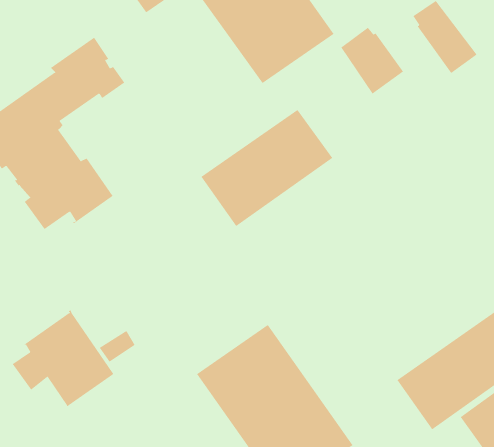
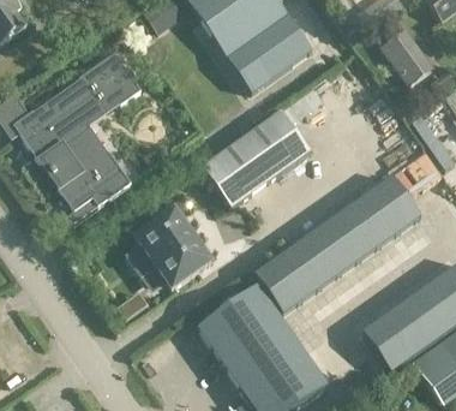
building: [341,27,404,94] -> none
building: none -> [253,177,419,314]
building: [12,310,115,407] -> [126,209,210,288]

